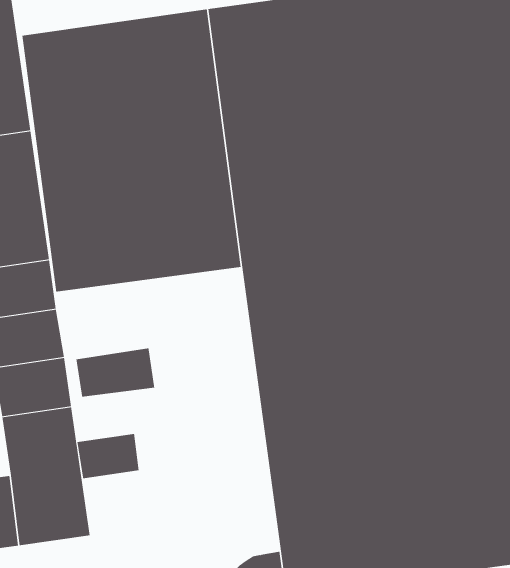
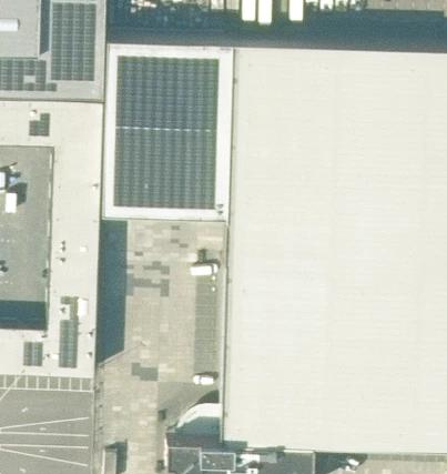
building: [76,348,155,398] -> none
building: [77,433,139,479] -> none

